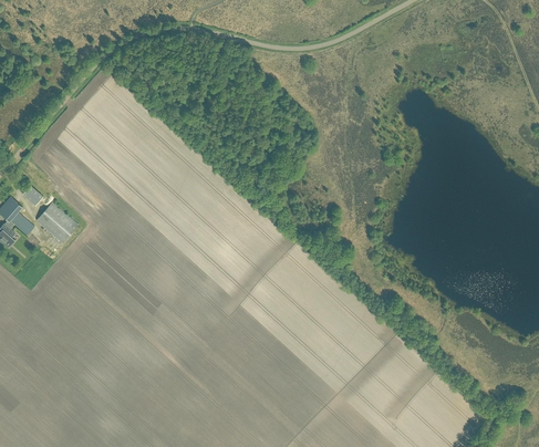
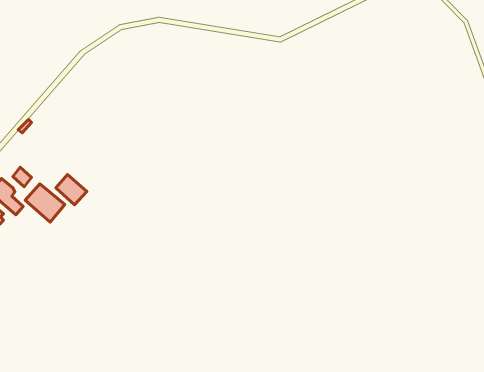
building: none -> [56,175,87,205]

